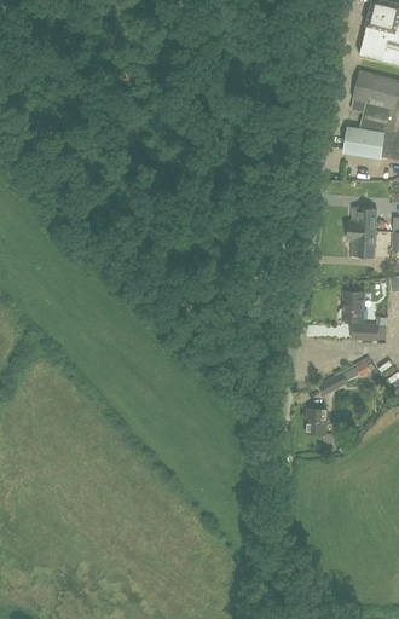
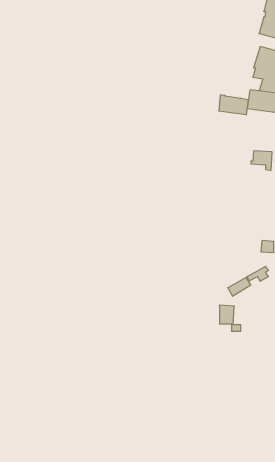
building: none -> [219,95,248,115]
building: [346,224,374,256] -> none
building: [337,291,364,320] -> none

